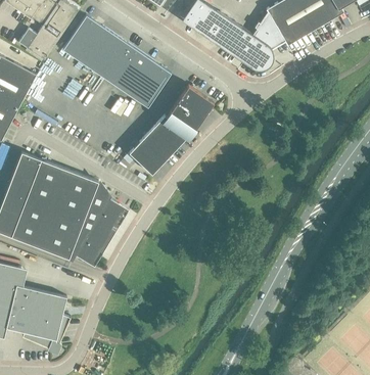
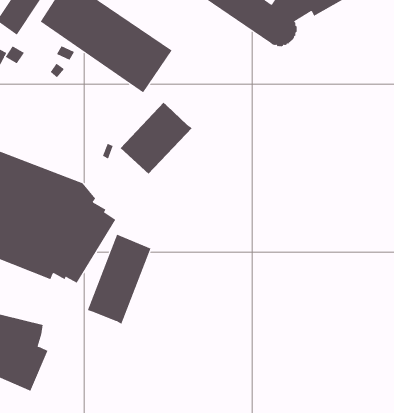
building: [167,85,213,133] -> none
building: none -> [87,234,151,325]

